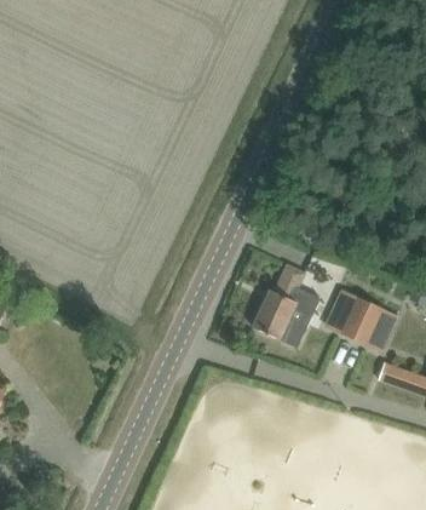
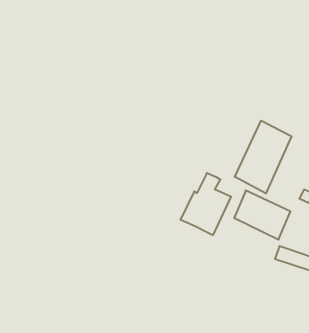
building: none -> [235,121,292,193]

